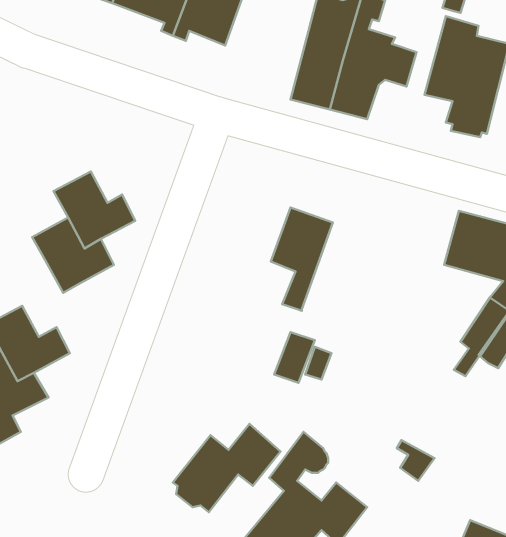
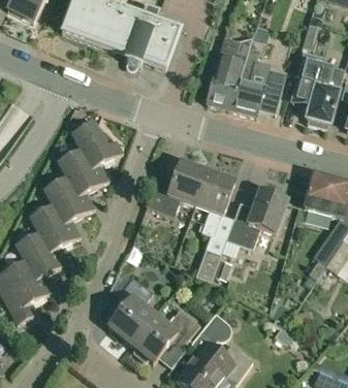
building: none -> [70,121,123,168]
building: none -> [147,161,205,216]
building: none -> [225,190,286,250]
building: none -> [28,204,80,253]
building: none -> [108,277,155,345]

